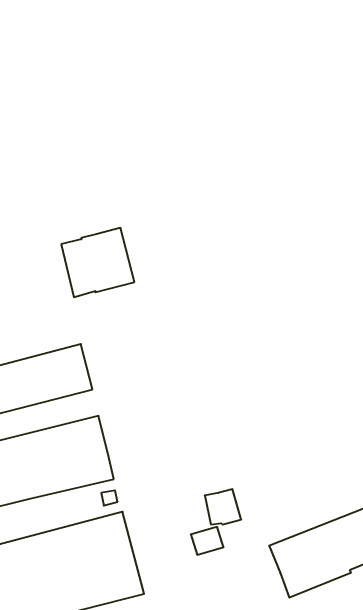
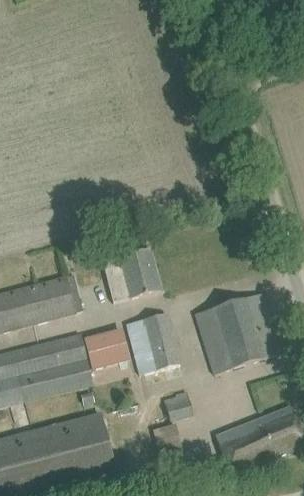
building: [61,228,134,297] -> [102,247,160,302]
building: none -> [195,292,281,374]
building: none -> [126,313,179,374]
building: none -> [85,330,128,367]

